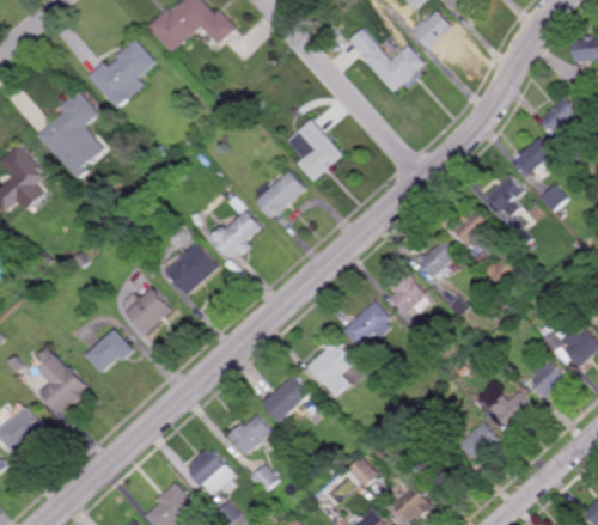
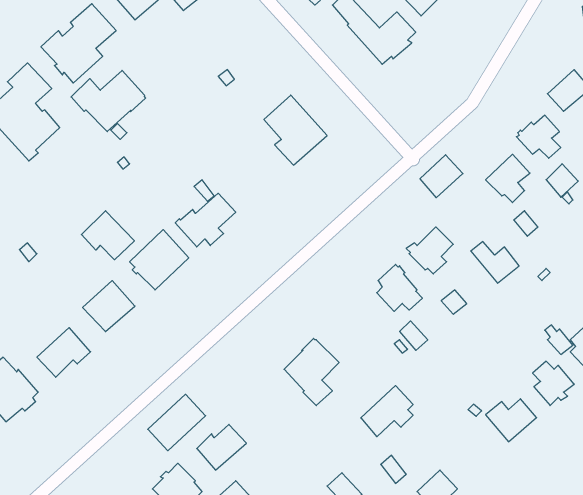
building: none -> [71,70,146,132]
building: [256,172,306,218] -> none
building: [452,206,490,244] -> [420,155,463,198]
building: none -> [81,211,134,260]
building: [341,300,388,346] -> [361,386,413,437]
building: [260,373,311,423] -> [148,394,206,451]
building: [456,422,496,460] -> none

